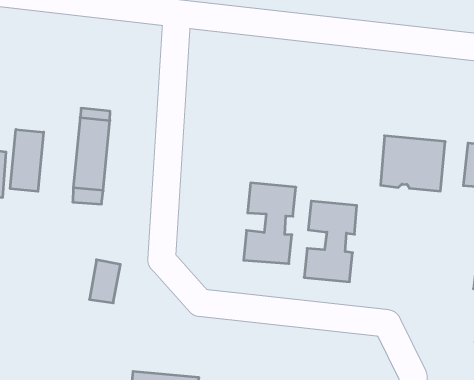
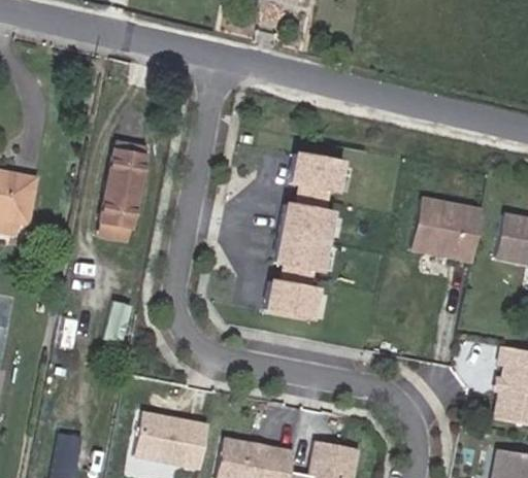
building: [10,129,44,191] -> none
building: [304,201,357,282] -> [282,158,342,243]

